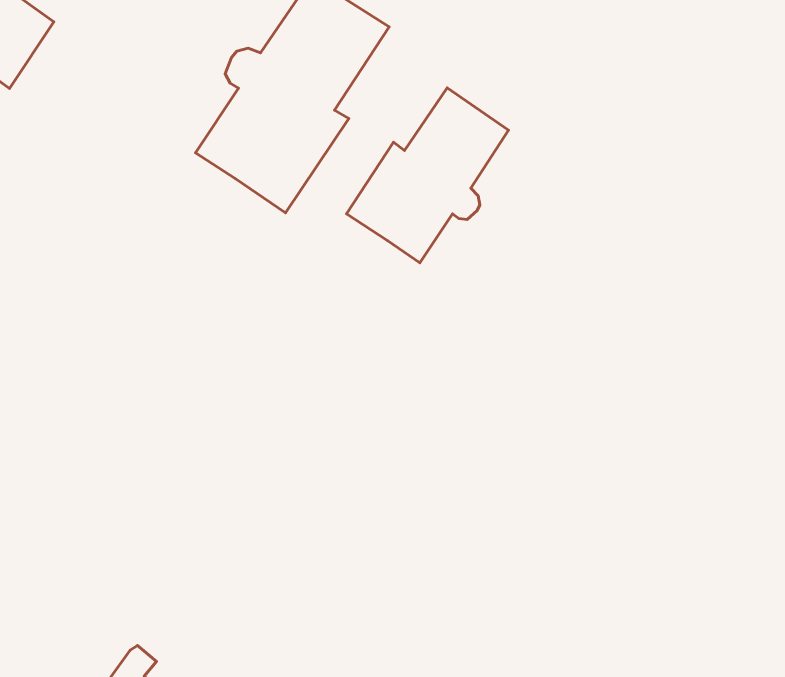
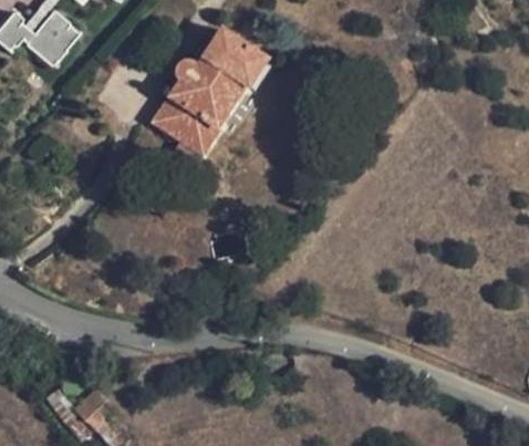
building: [346,88,508,263] -> none

